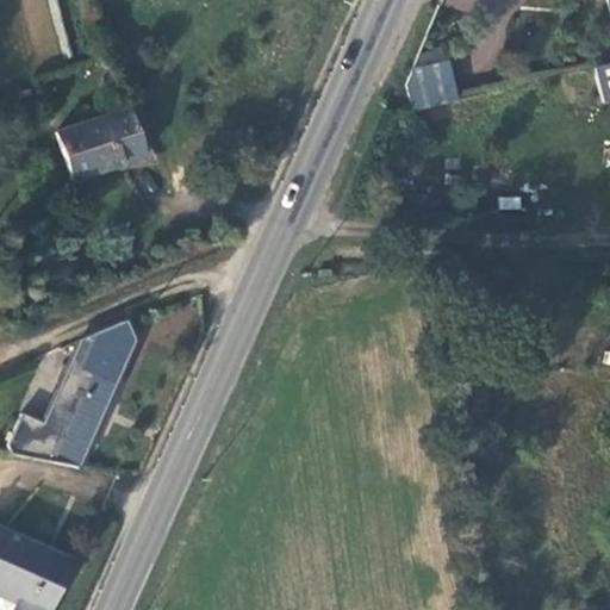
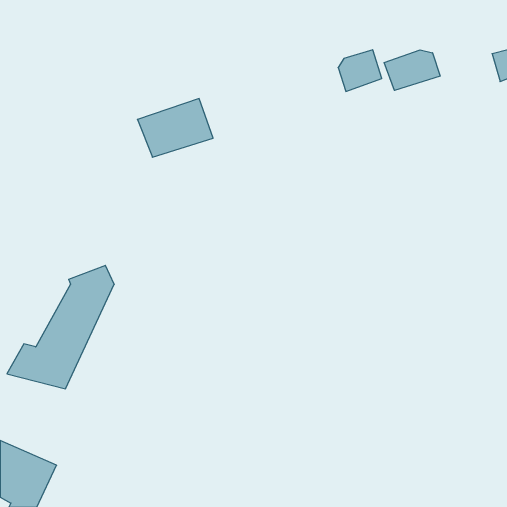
building: none -> [384,50,440,90]
building: [56,108,147,179] -> [137,99,213,157]

